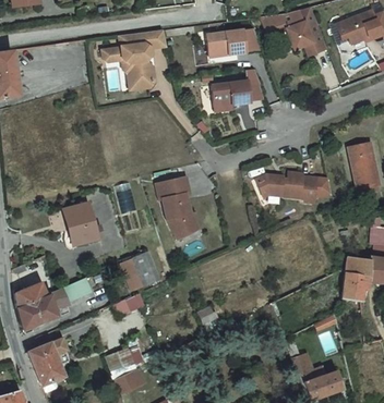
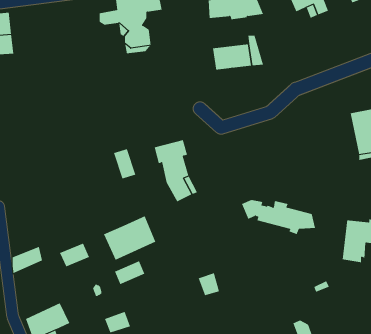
building: [259,168,333,203] -> [241,200,316,235]
building: [67,206,98,245] -> none
building: [16,291,59,330] -> none

